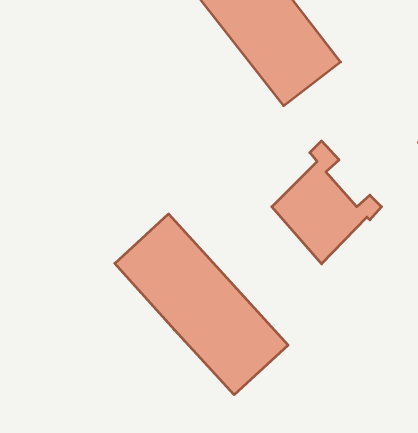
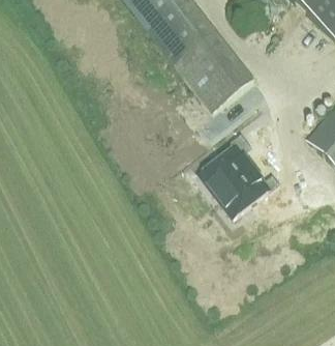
building: [115,214,288,395] -> none

